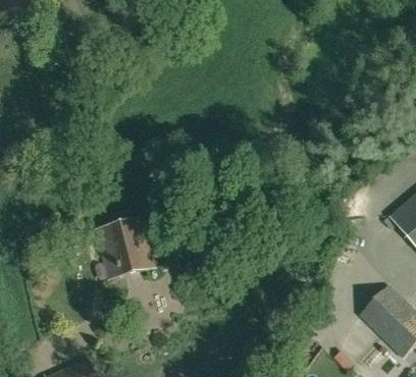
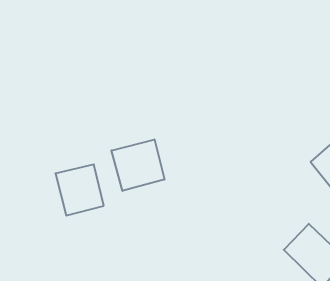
building: none -> [111,139,164,191]

